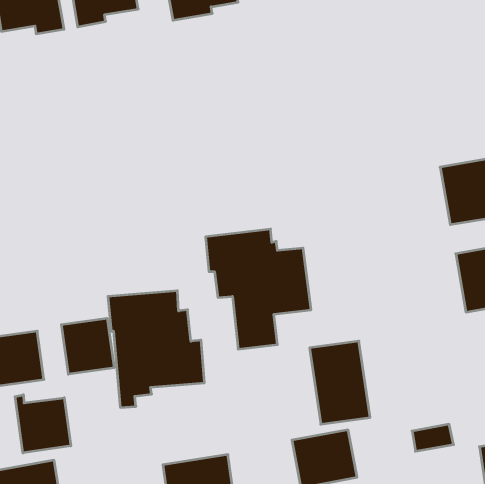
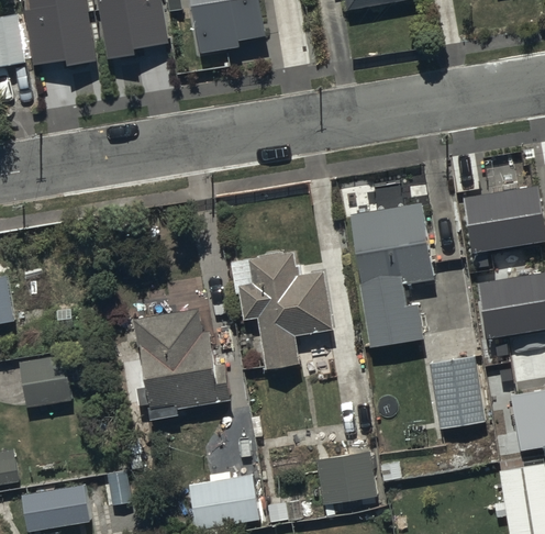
building: none -> [349,205,435,349]
building: [61,318,114,374] -> none
building: [310,341,370,424] -> [427,351,487,432]
building: [15,395,71,453] -> none

